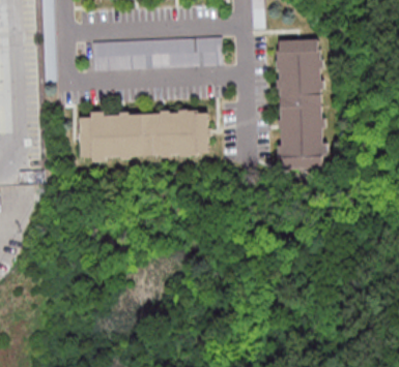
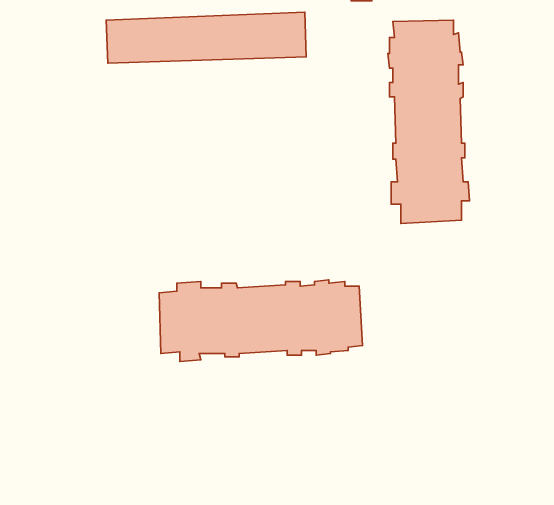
building: [79,110,210,162] -> [159,280,362,362]

